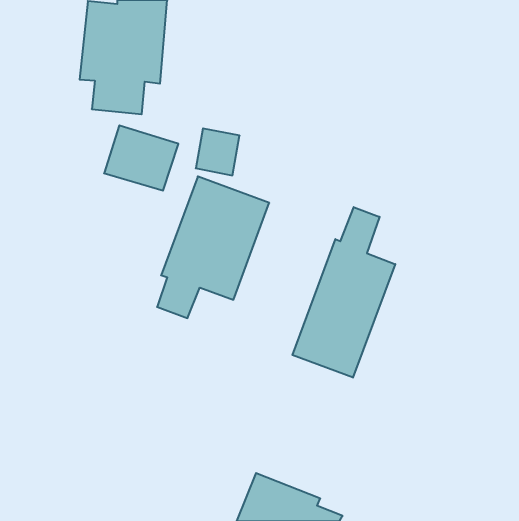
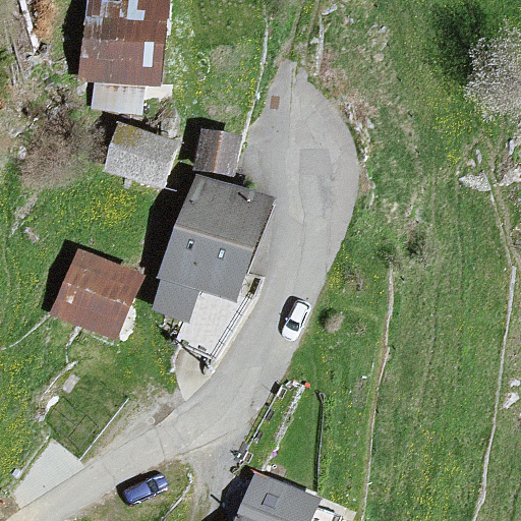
building: [292,207,395,378] -> none
building: none -> [51,250,139,338]

